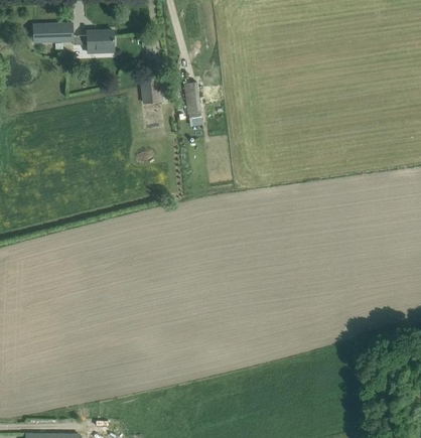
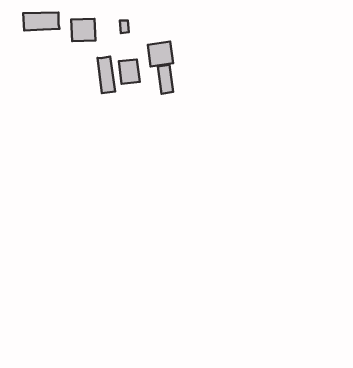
building: none -> [148,41,173,67]
building: none -> [98,56,115,93]

